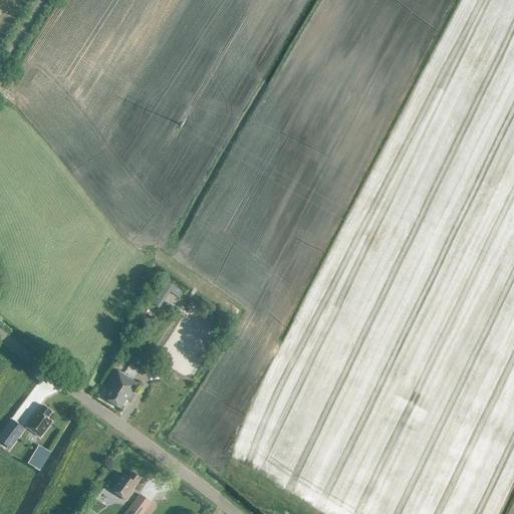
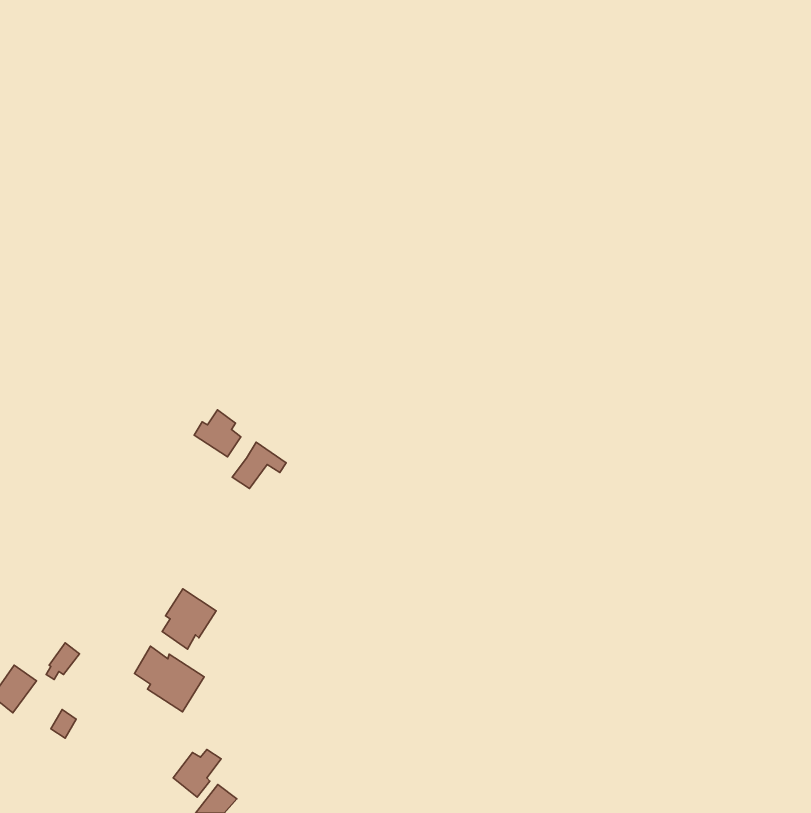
building: none -> [194,410,241,457]
building: none -> [134,646,204,712]

